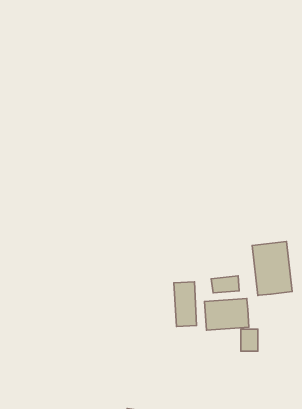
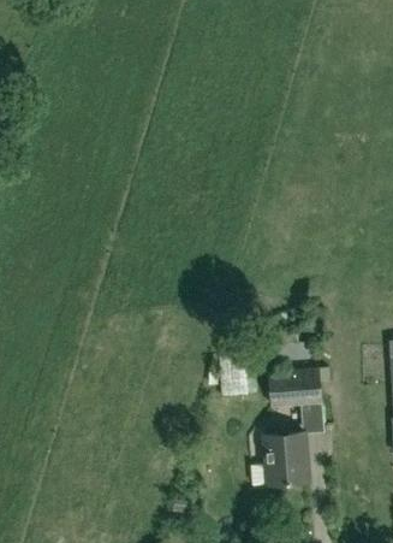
building: [252,242,292,295] -> none
building: none -> [251,432,308,485]

